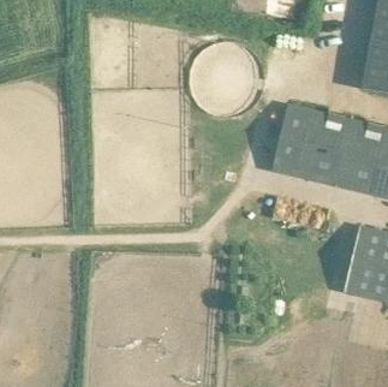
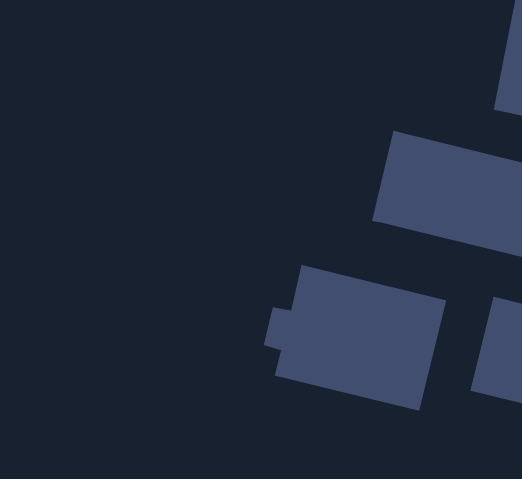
building: none -> [263,264,447,412]

